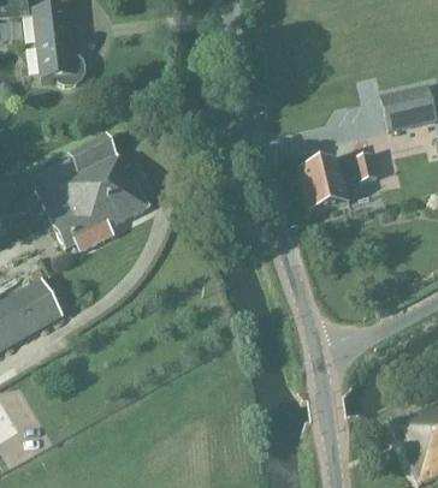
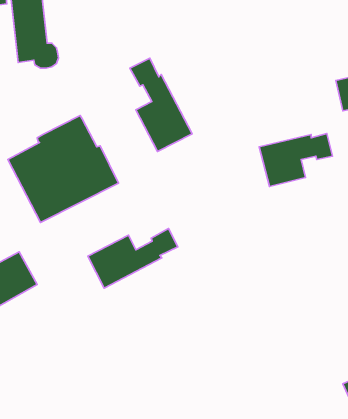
building: none -> [130,58,192,152]
building: none -> [88,229,178,288]

